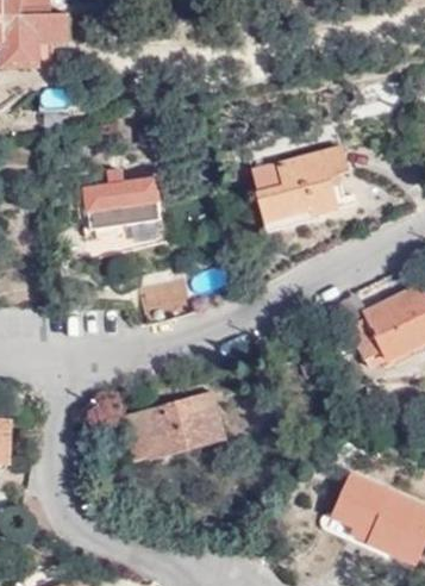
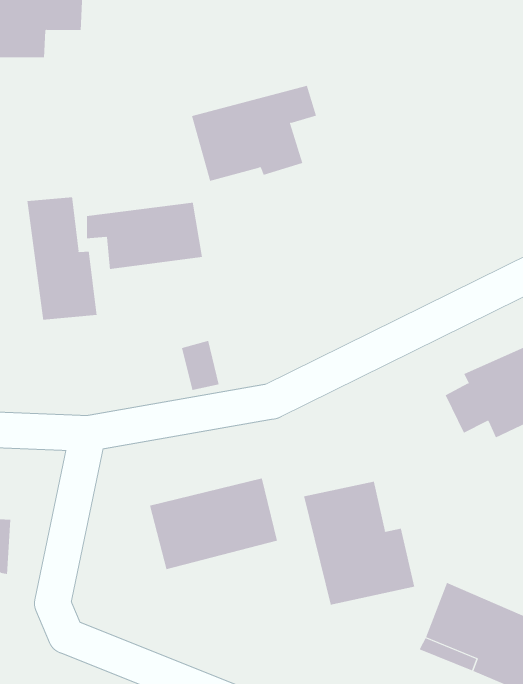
building: [250,144,348,219] -> [191,85,317,182]
building: none -> [27,197,97,321]
building: none -> [304,481,415,606]

